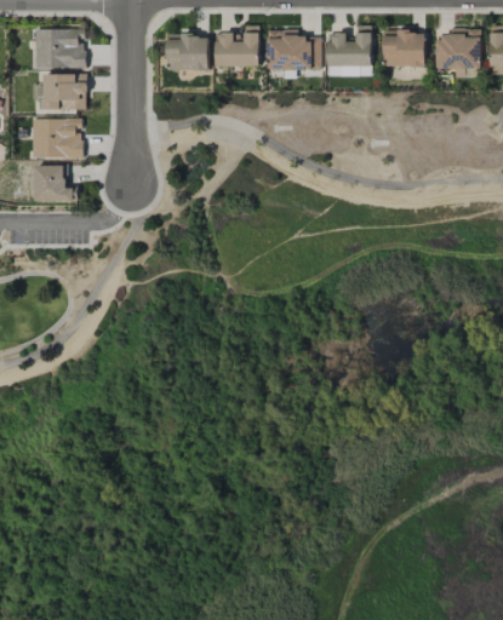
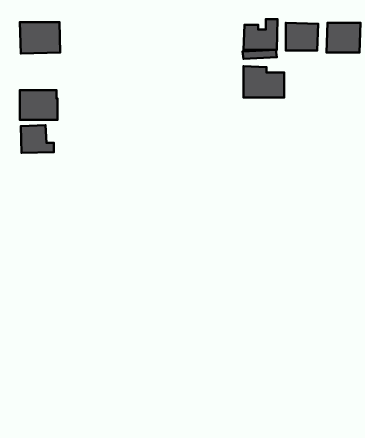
building: [216,25,261,67] -> none
building: [268,29,321,70] -> [244,66,284,98]
building: [166,34,210,70] -> none
building: [44,74,87,110] -> none

